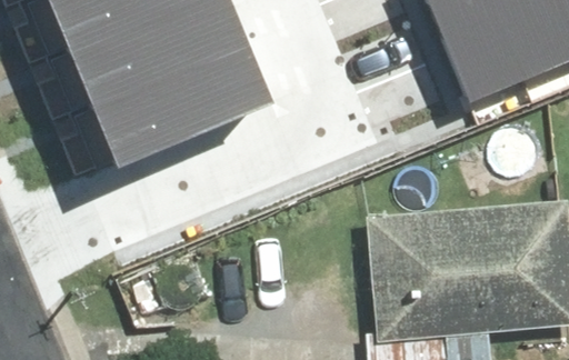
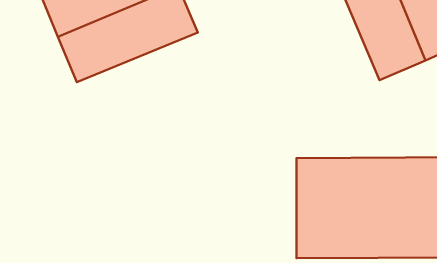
building: [98,49,270,167] -> none

